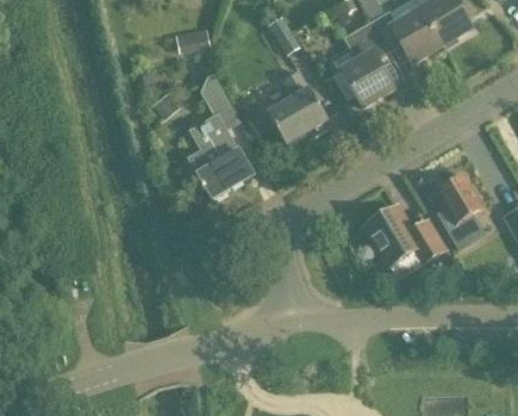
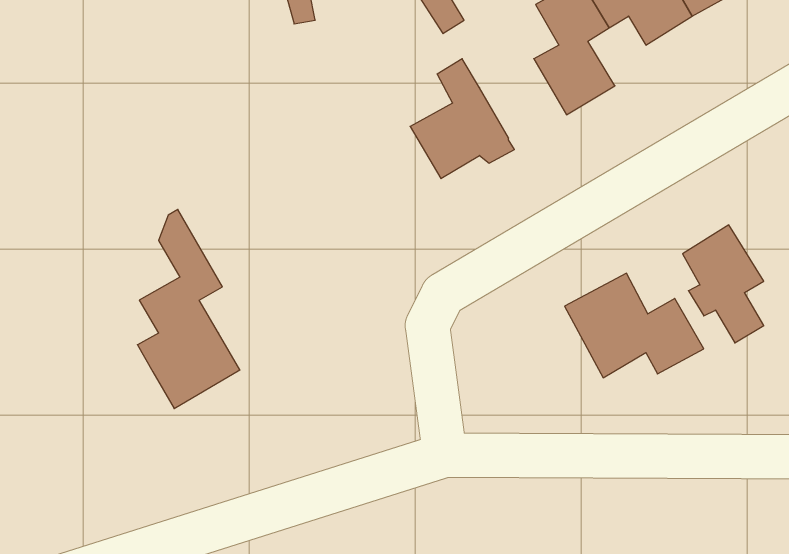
building: [188,74,251,197] -> [137,209,240,409]

